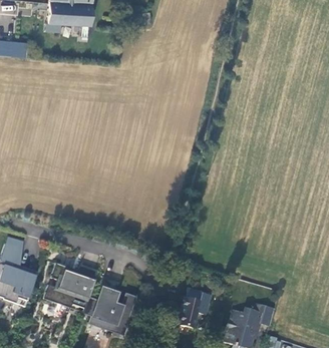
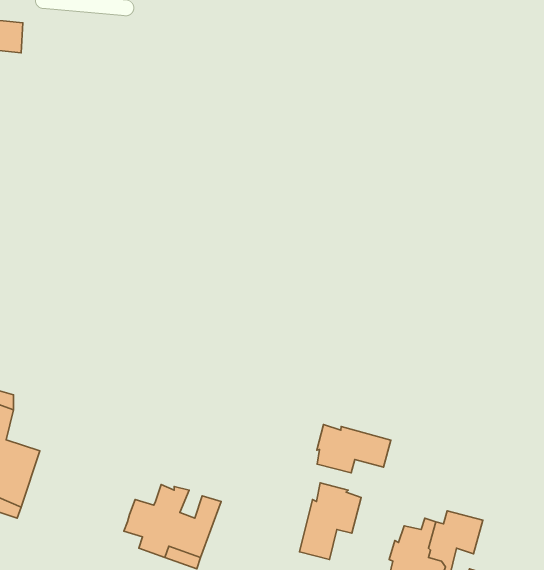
building: none -> [317,425,391,473]
building: [44,264,97,307] -> none

